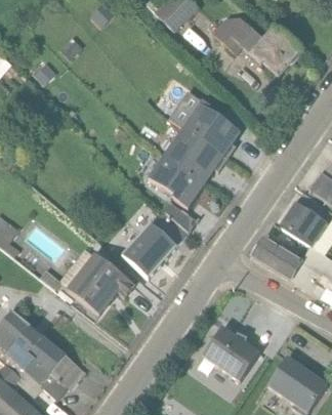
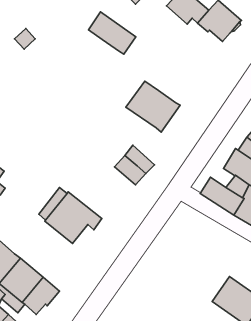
building: [186,101,243,152] -> [88,12,136,54]
building: [147,154,206,208] -> none
building: [123,224,177,279] -> none
building: [203,325,260,380] -> none

